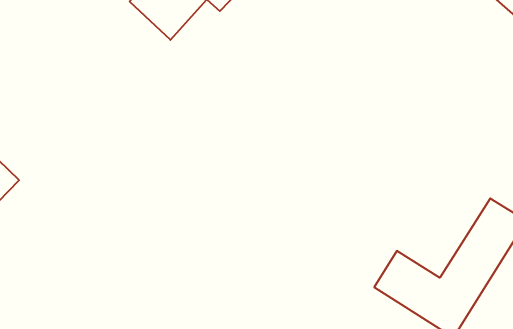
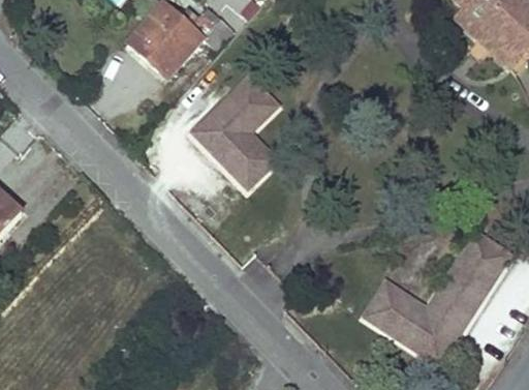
building: none -> [191,76,277,188]

